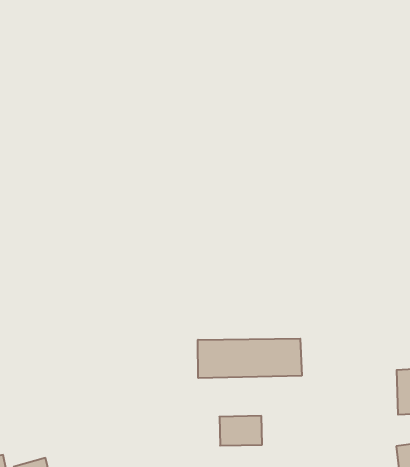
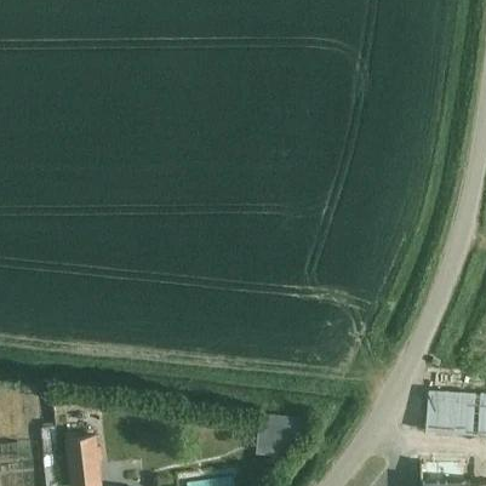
building: [198,339,302,378] -> none

